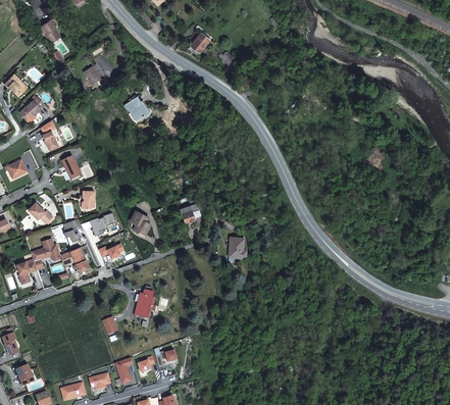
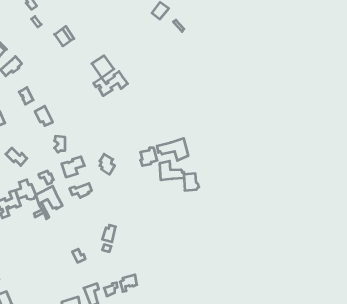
building: none -> [94,71,128,96]
building: none -> [157,138,188,161]
building: none -> [160,161,184,180]

